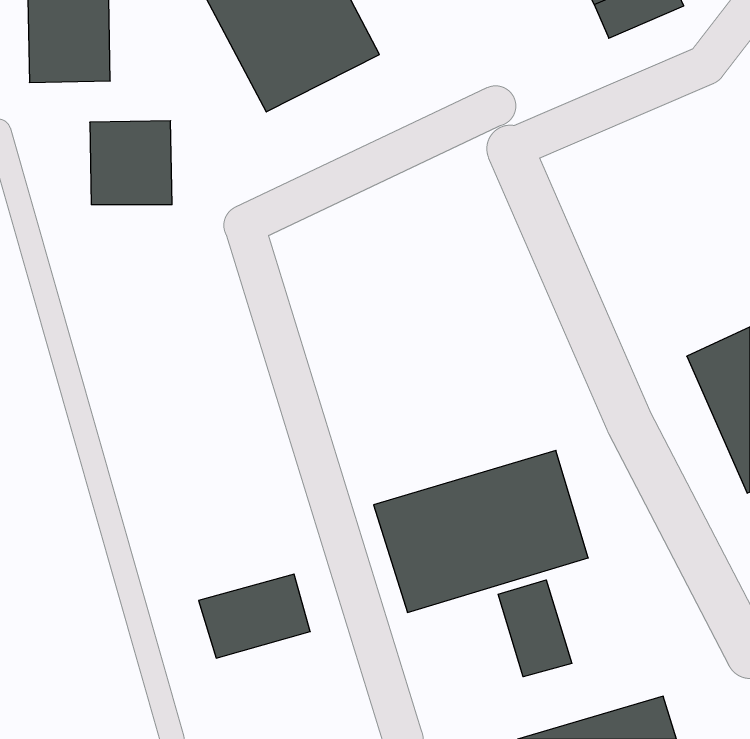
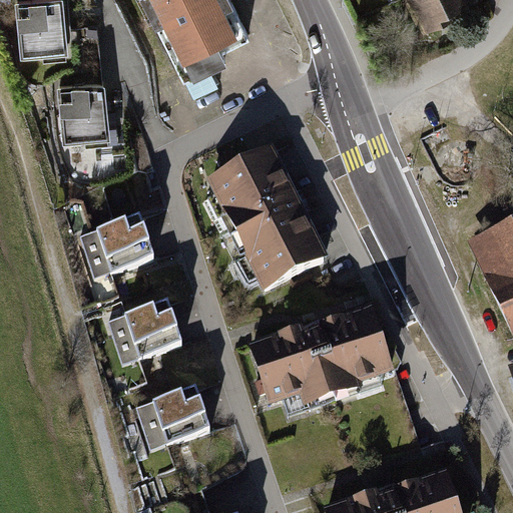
building: none -> [199,140,322,287]
building: none -> [73,199,154,269]
building: none -> [105,298,186,368]
building: [498,580,572,677] -> none

